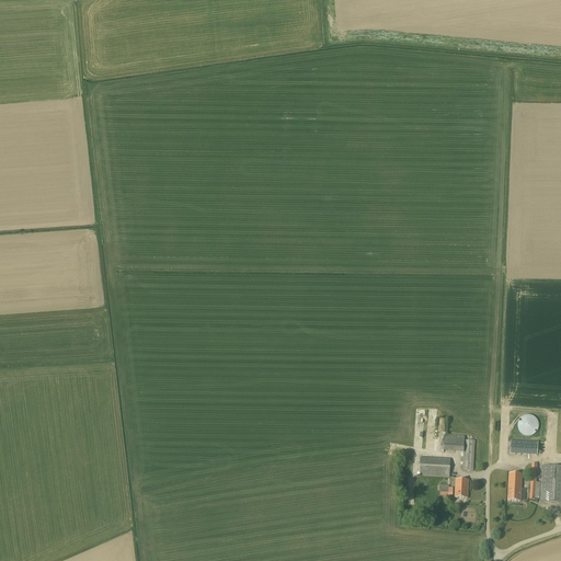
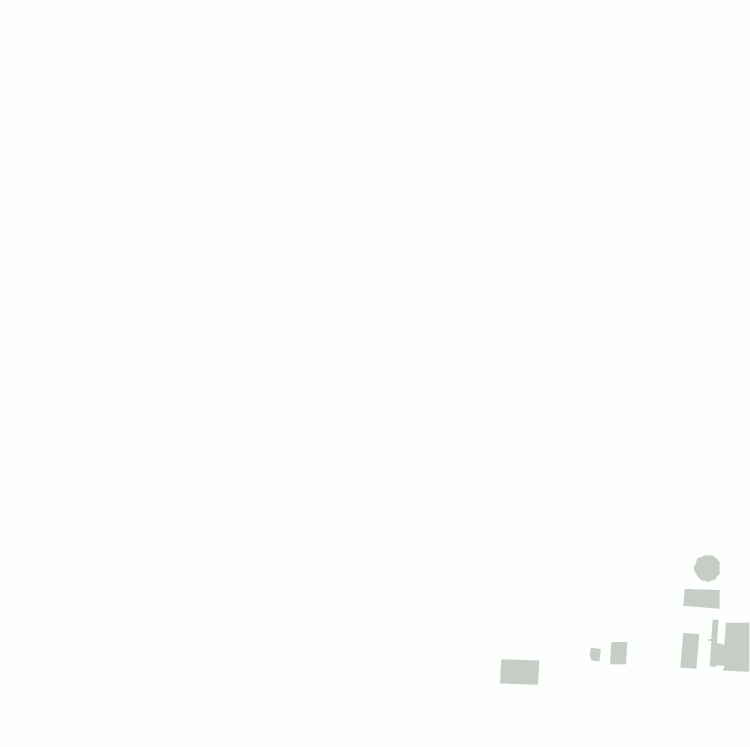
building: [443,433,474,470] -> none
building: [420,456,450,476] -> [499,659,540,685]

